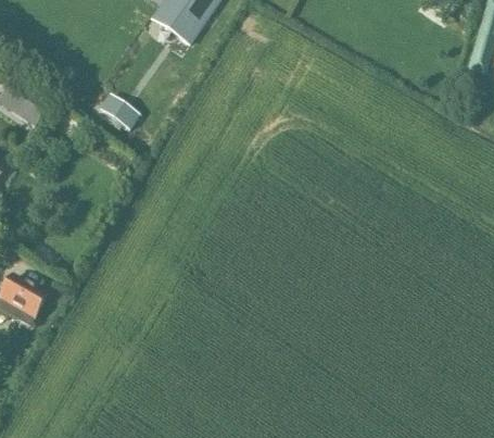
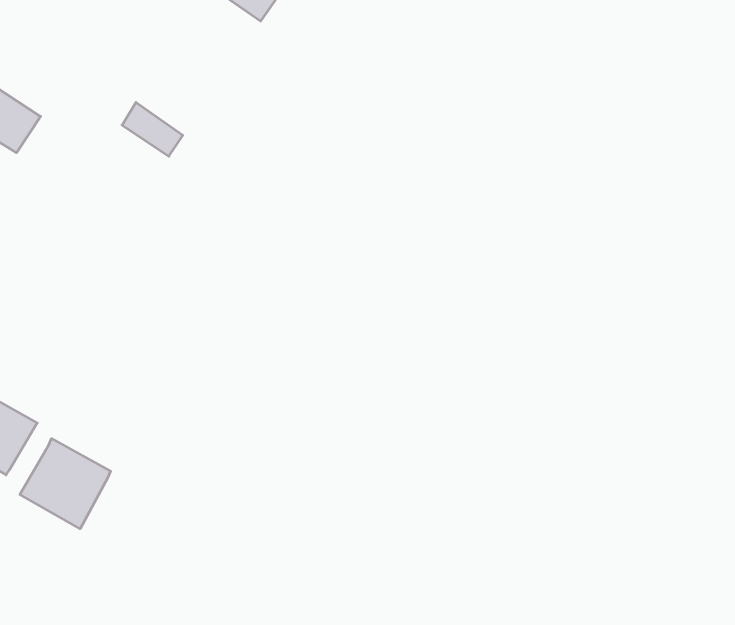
building: none -> [20,439,111,529]

